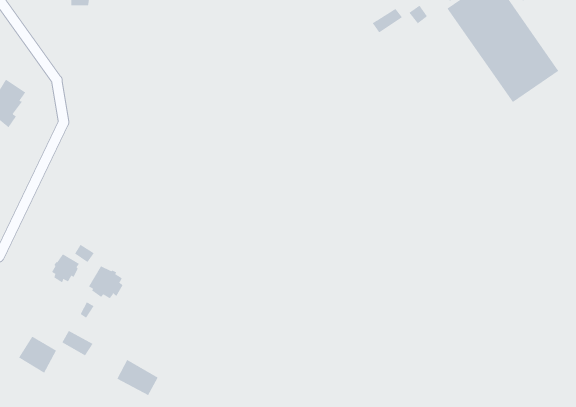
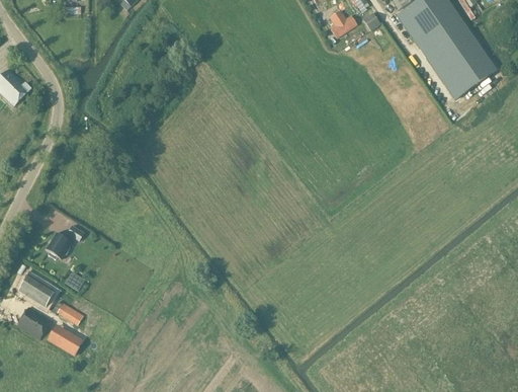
building: [88,265,123,299] -> none
building: none -> [19,275,55,306]
building: [116,359,159,396] -> [44,322,81,355]

